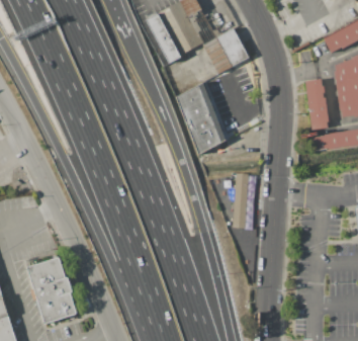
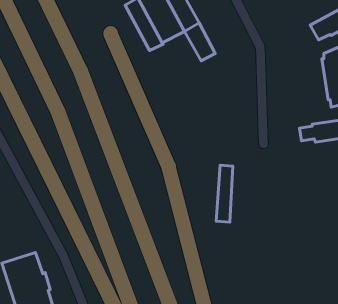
building: [215,27,248,66] -> none
building: [304,79,329,131] -> none
building: [176,82,226,155] -> none

